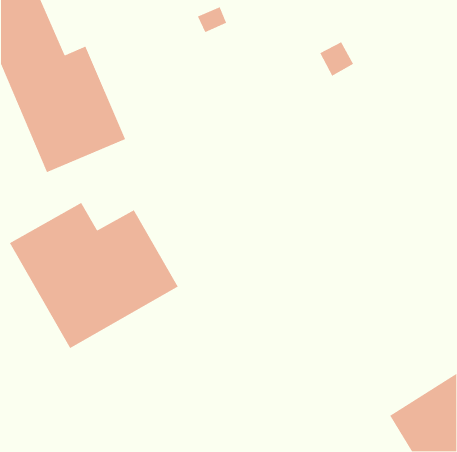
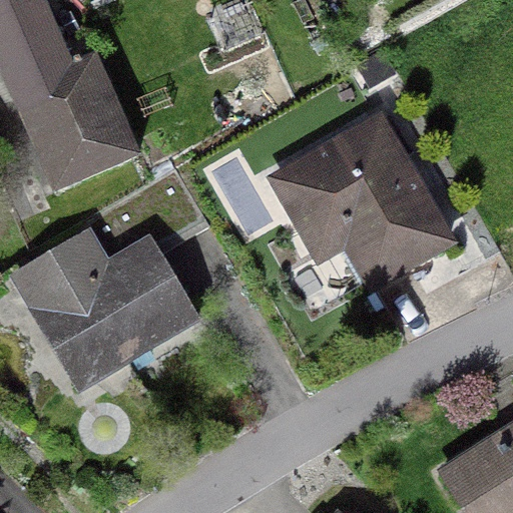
building: none -> [267,109,459,295]

